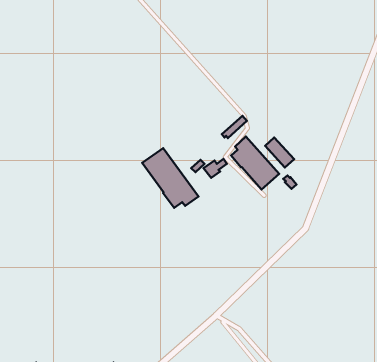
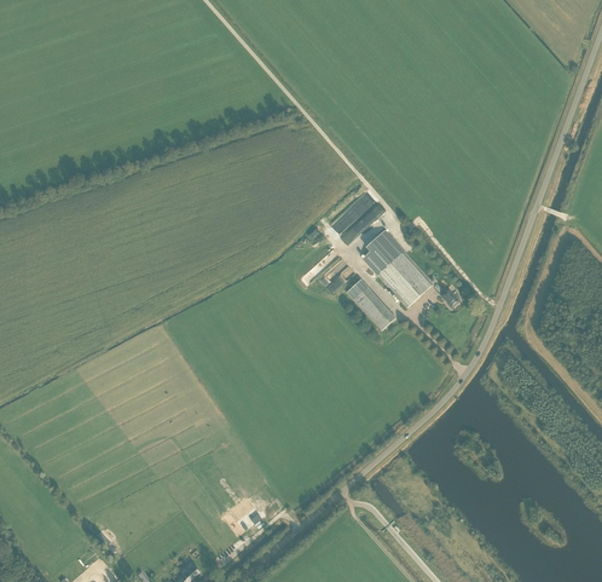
building: [265,138,294,167] -> [349,283,392,327]
building: [142,148,198,208] -> none

